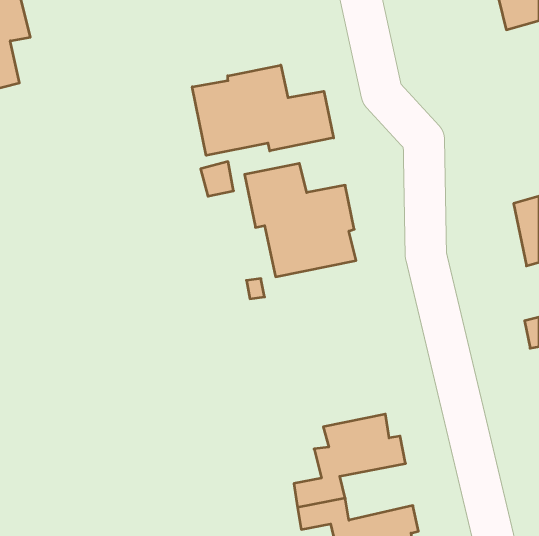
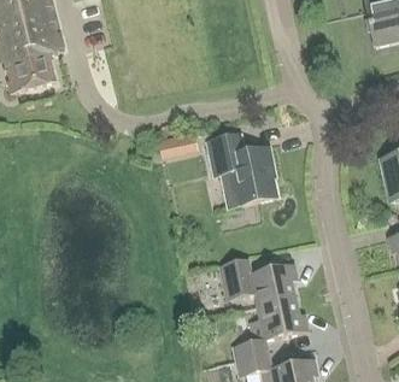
building: [192,65,334,155] -> none
building: none -> [221,259,299,306]

